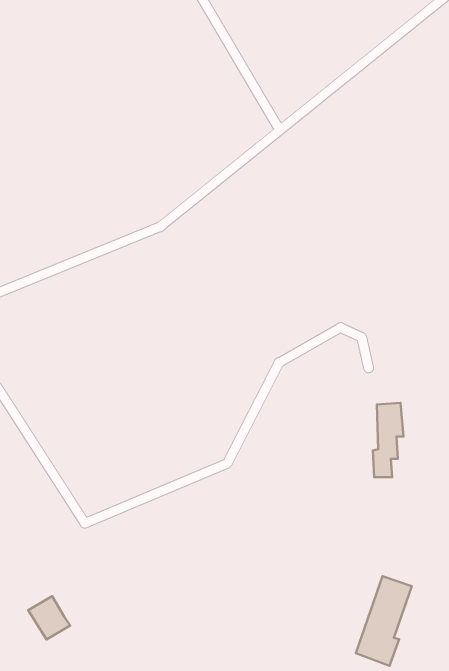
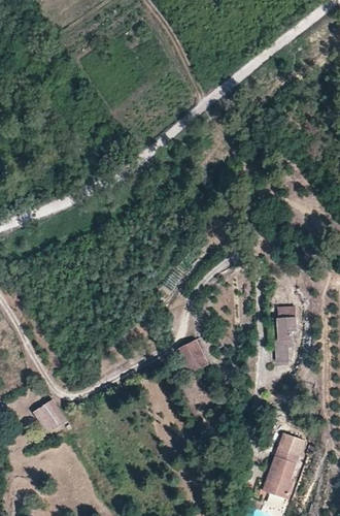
building: none -> [177,337,209,373]
building: [28,596,70,639] -> [35,399,66,431]

